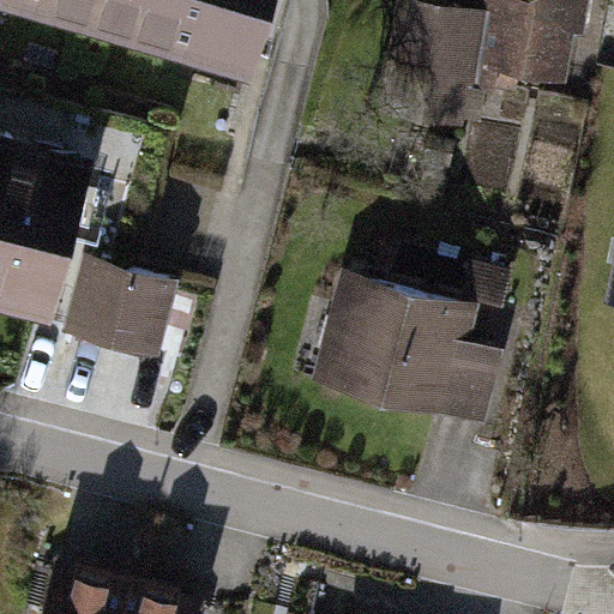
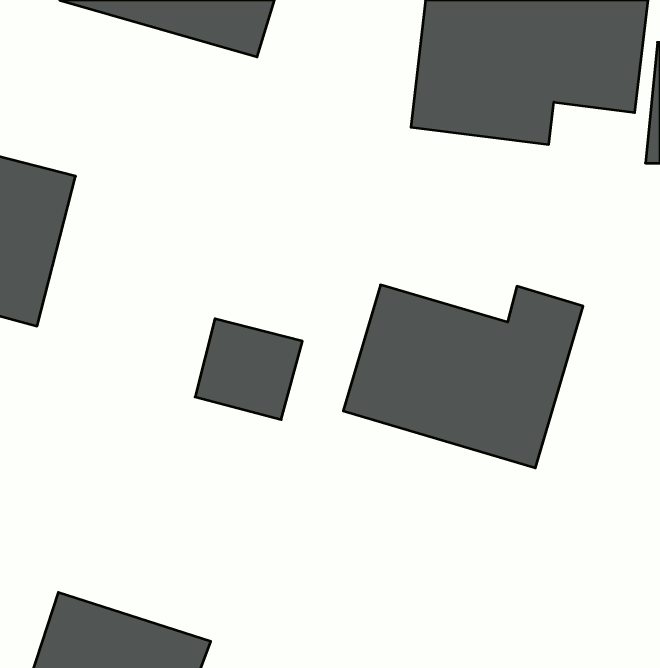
building: [58,261,155,353] -> [195,319,302,420]

